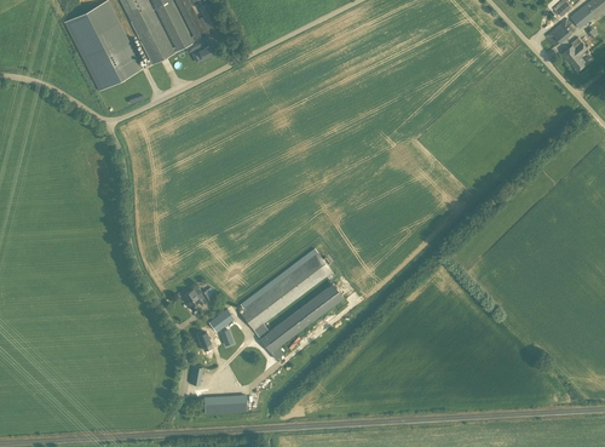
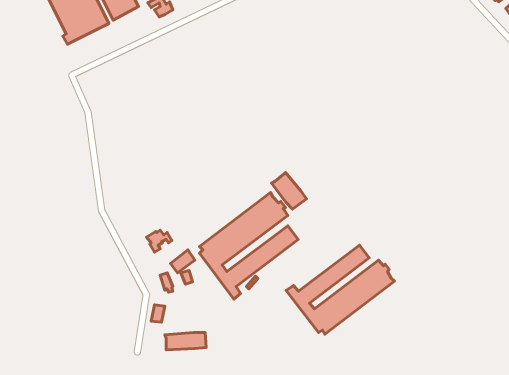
building: none -> [271,173,306,209]
building: none -> [286,245,395,334]

